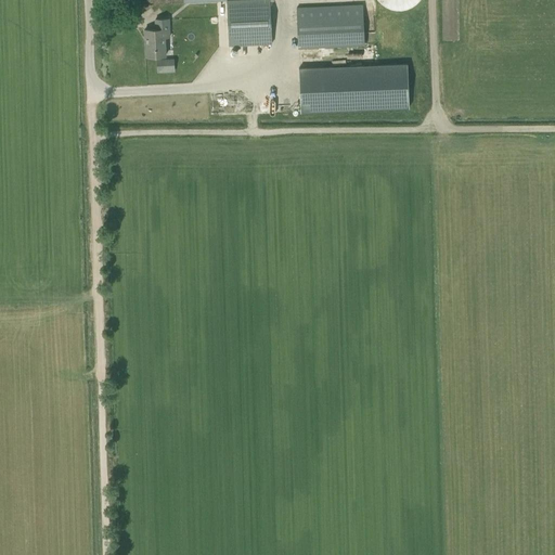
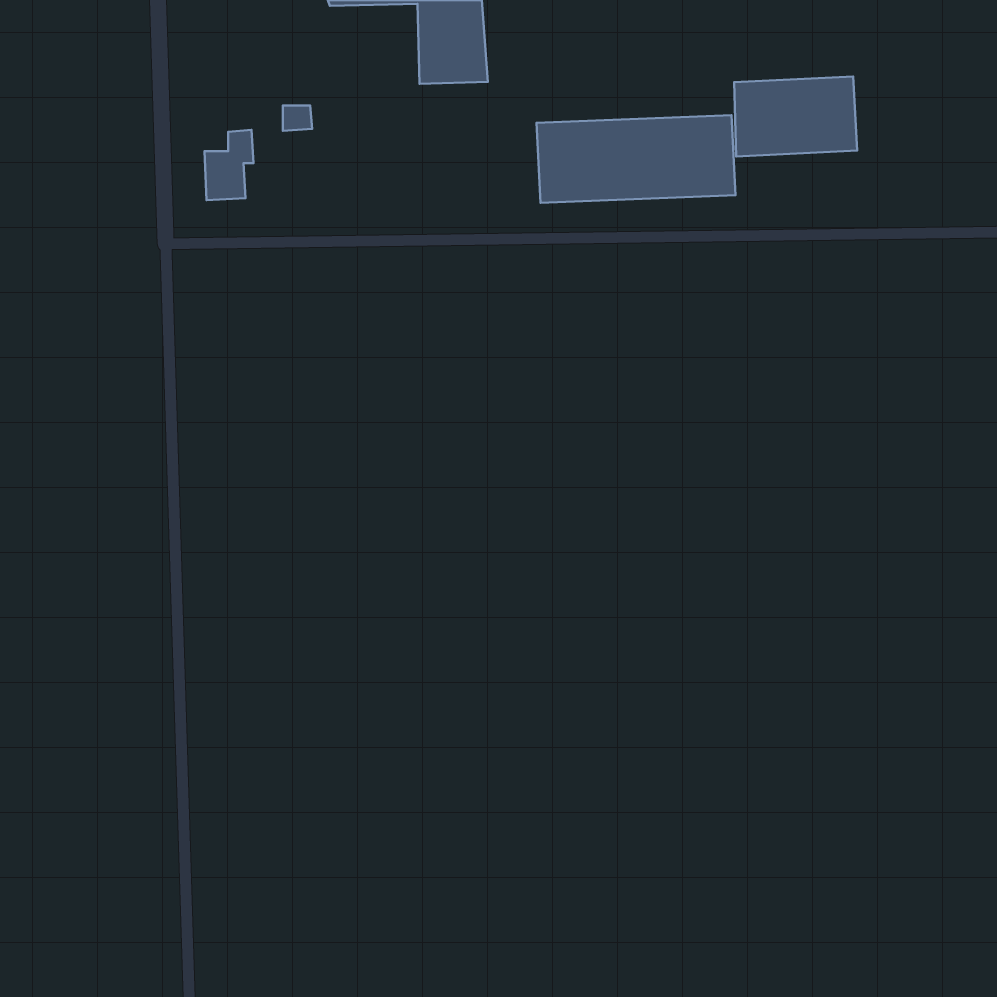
building: [296,4,364,49] -> [734,76,857,156]
building: [144,17,171,56] -> [205,130,253,200]

